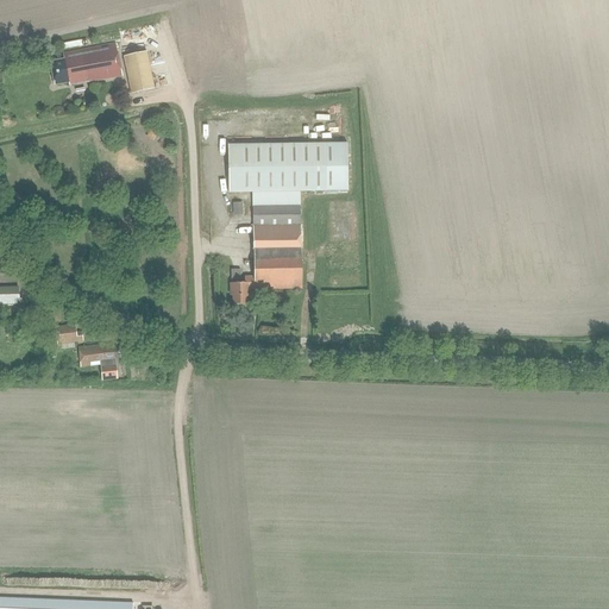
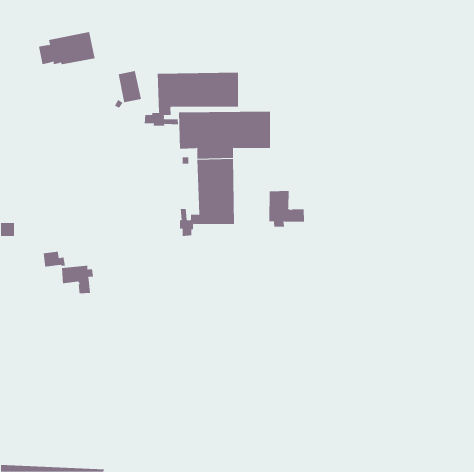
building: [125,50,156,92] -> [118,70,142,103]
building: none -> [144,72,238,127]
building: none -> [269,190,304,227]

